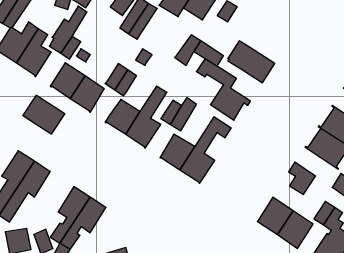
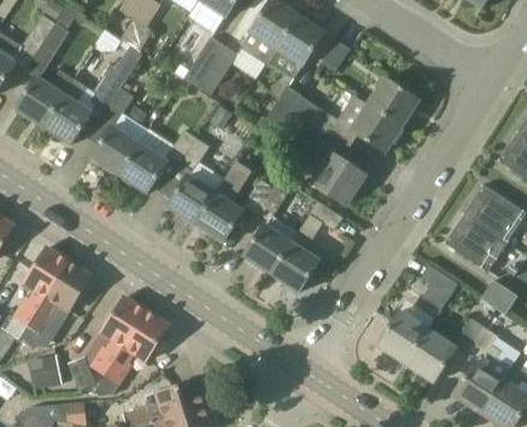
building: none -> [367,77,418,125]
building: [23,95,65,134] -> none

